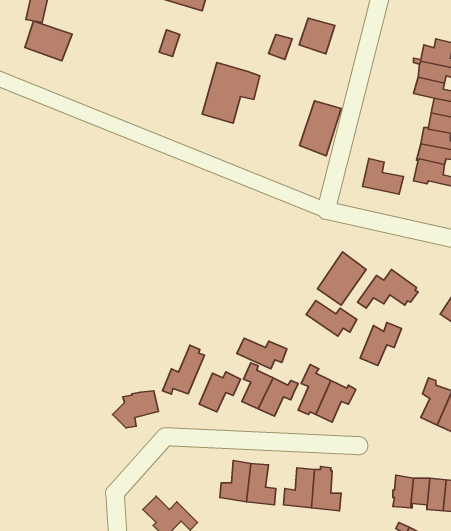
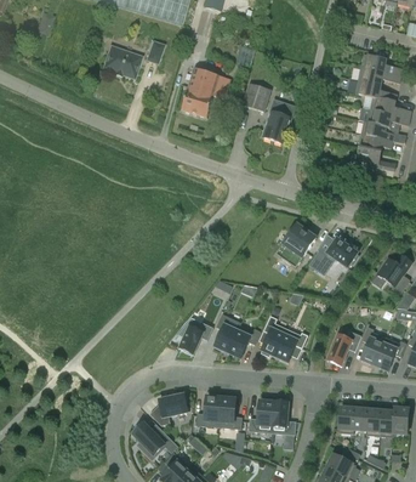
building: [299,18,335,54] -> [241,83,270,112]
building: [25,21,72,61] -> [102,46,141,79]
building: [363,158,404,194] -> none
building: [306,301,357,336] -> none
building: [360,323,402,365] -> [326,331,360,367]
building: [237,338,287,369] -> none
building: [162,345,205,394] -> none
building: [113,391,158,428] -> [149,395,187,425]

